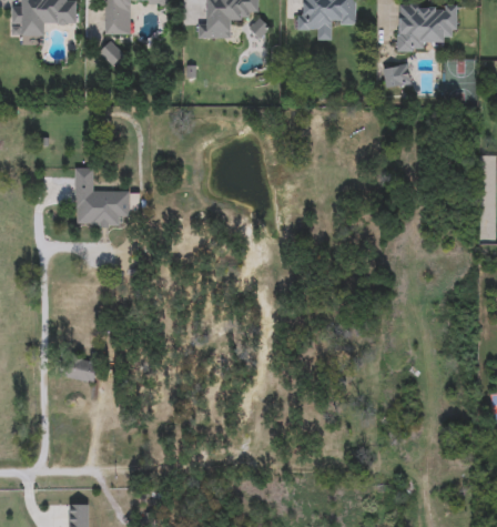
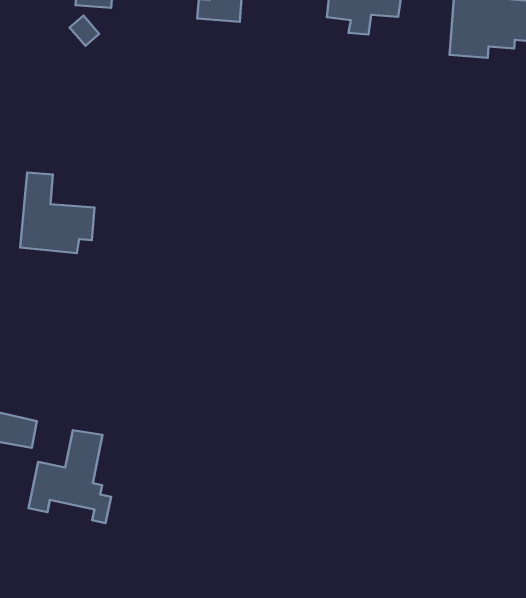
building: [383,64,410,87] -> none
building: none -> [29,430,111,523]

